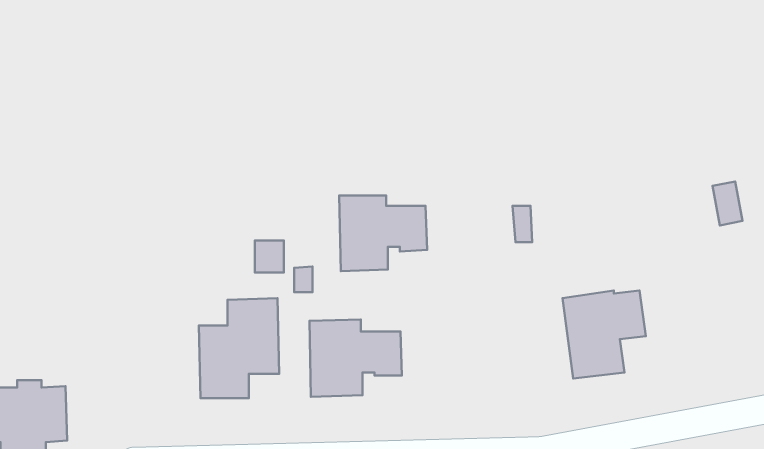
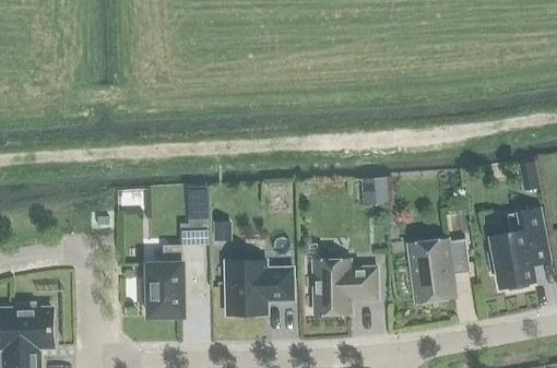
building: [339,195,427,271] -> [312,260,376,314]
building: none -> [486,209,546,290]

